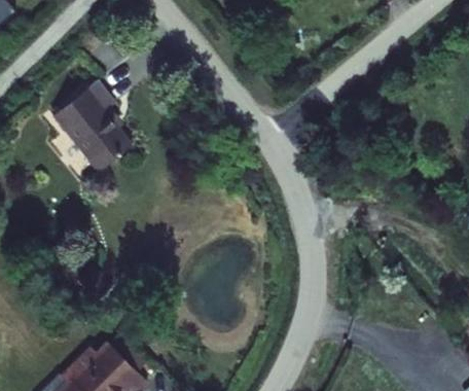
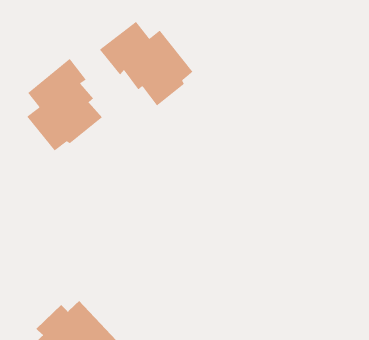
building: none -> [99,21,193,107]

